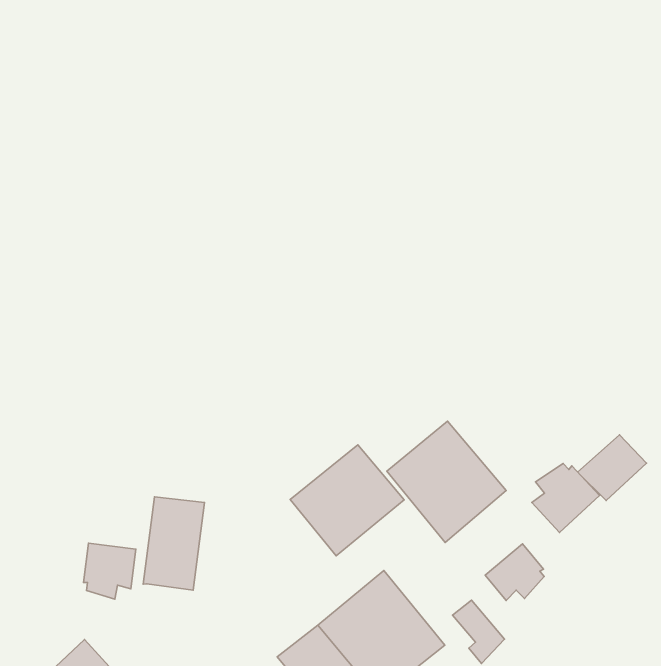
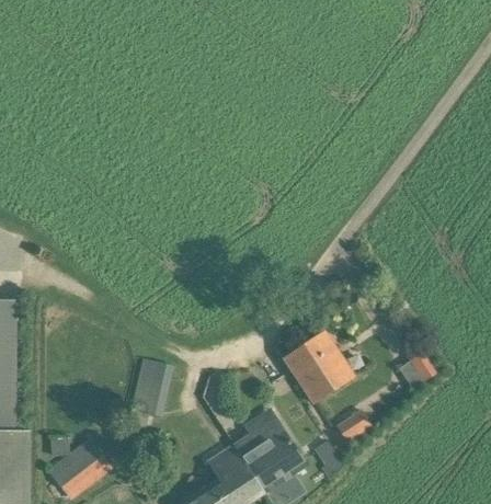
building: [290,445,404,556] -> none
building: [532,463,600,532] -> none
building: [84,543,136,599] -> none

